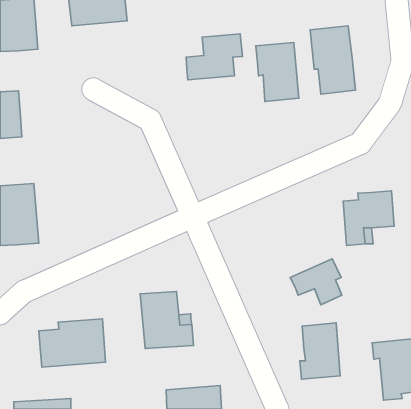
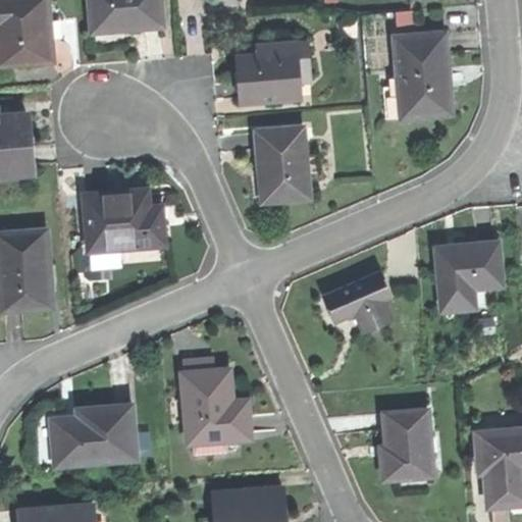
building: [256,43,299,101] -> [254,127,308,202]
building: none -> [83,189,162,251]
building: [290,259,342,305] -> [322,274,387,332]

